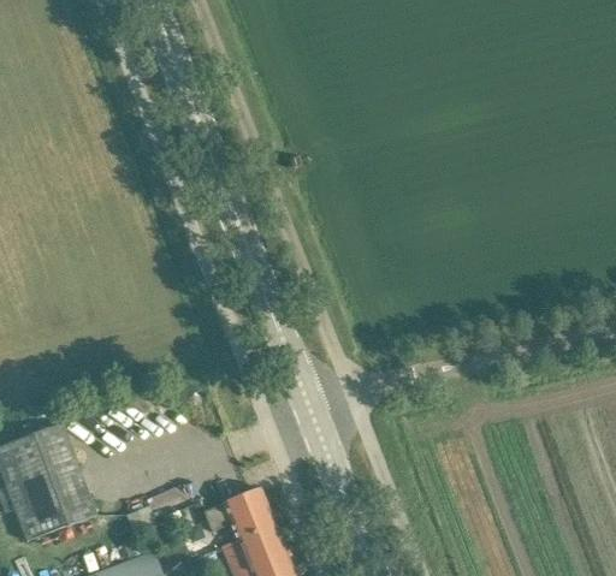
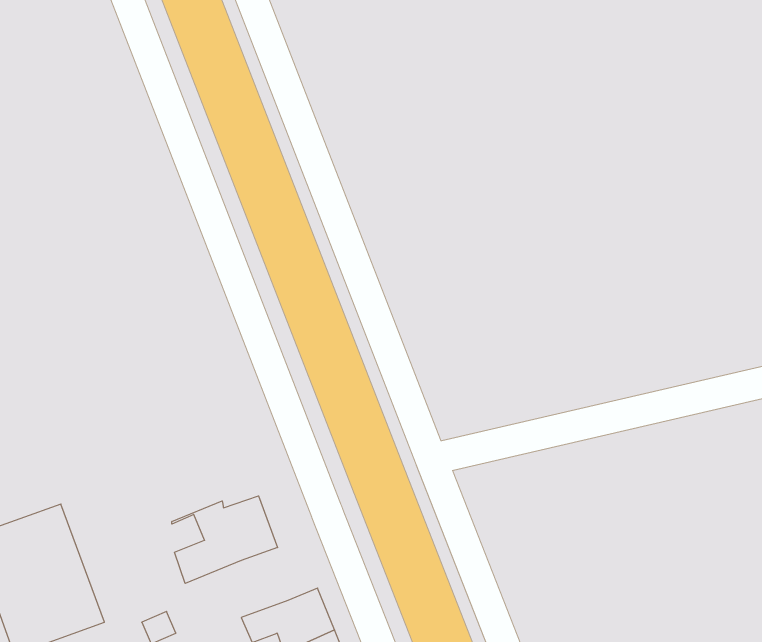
building: none -> [172,496,278,583]

